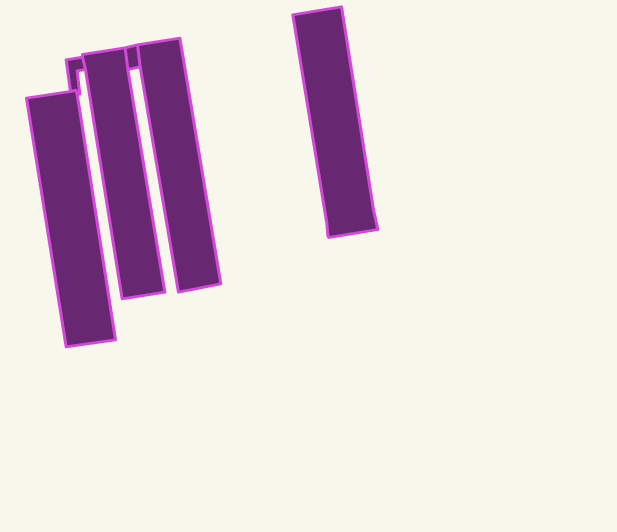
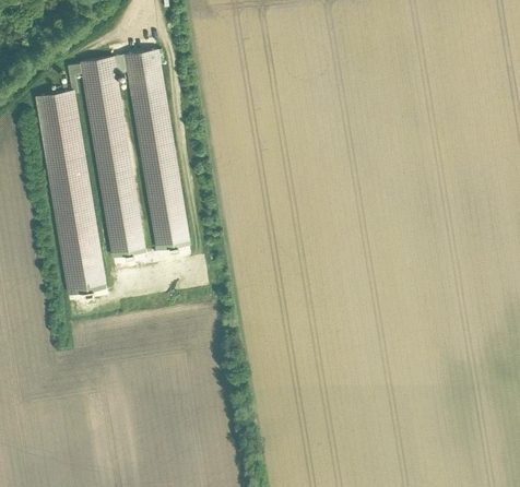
building: [293,7,378,237] -> none

